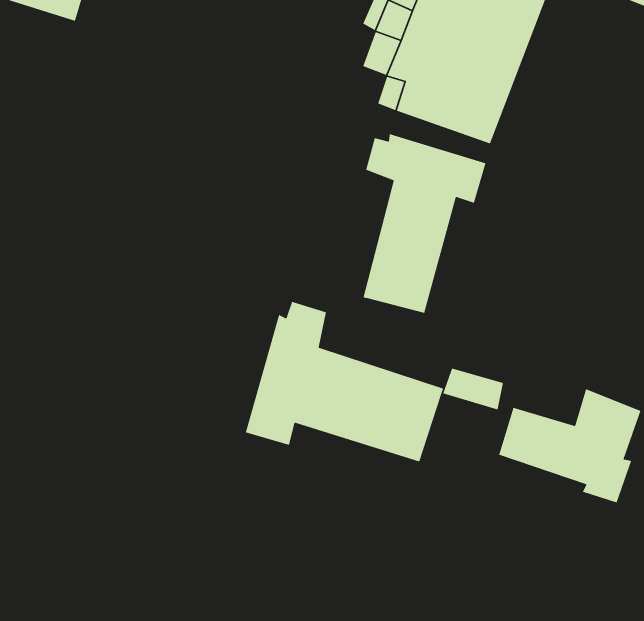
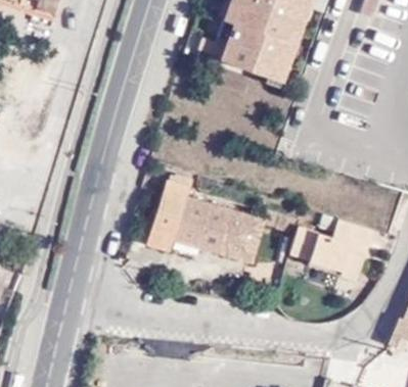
building: [363,133,486,314] -> none

